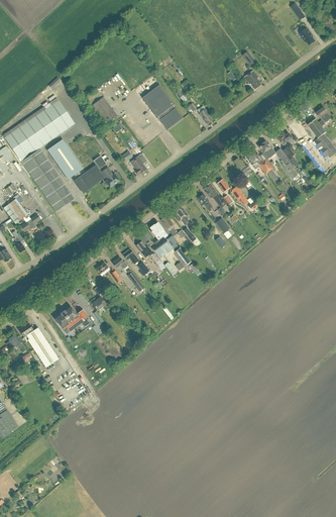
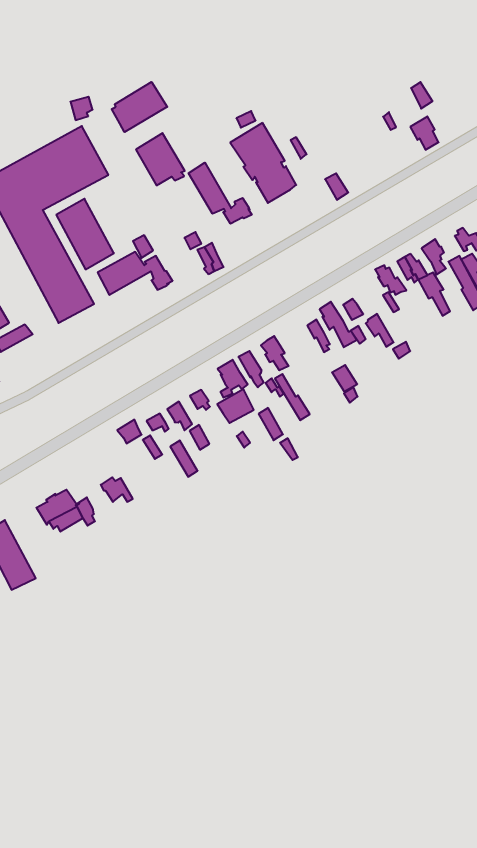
building: none -> [112,82,167,132]
building: none -> [189,163,252,224]

